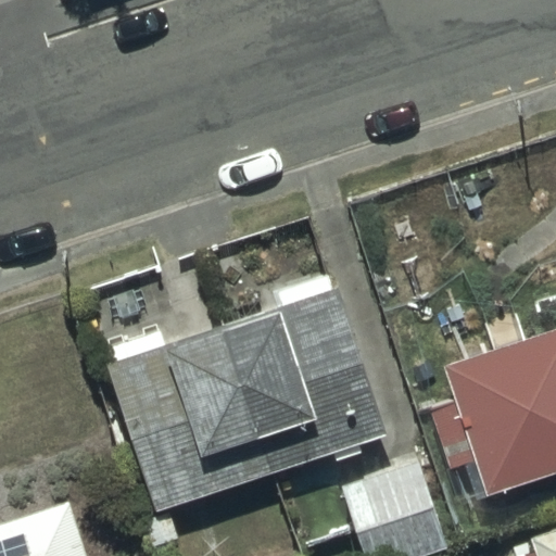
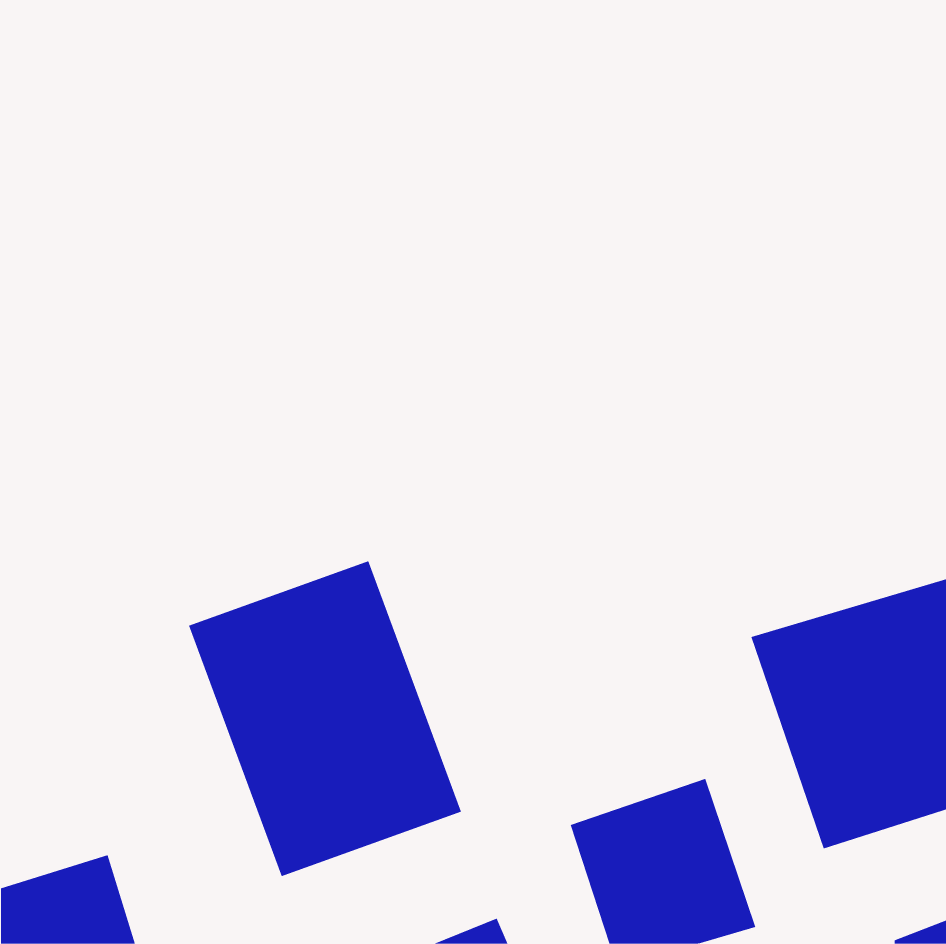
building: [226,288,384,473] -> none

